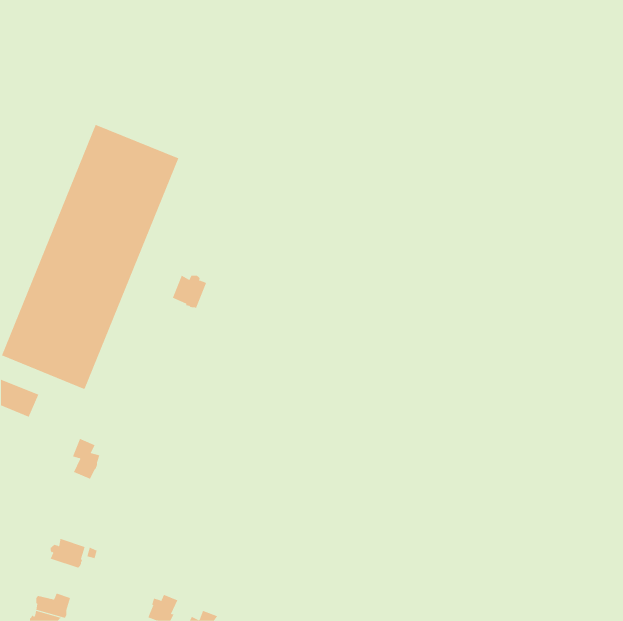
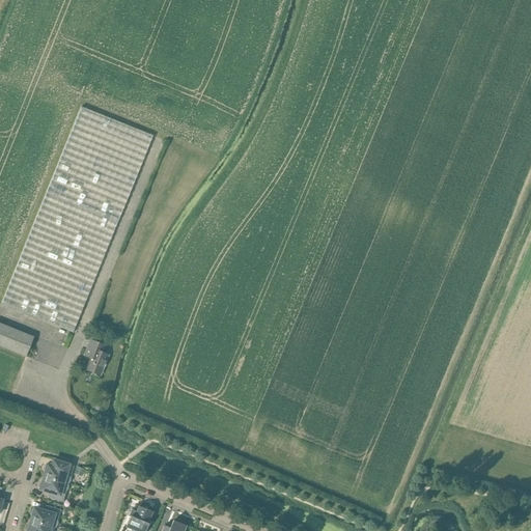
building: [172,275,207,309] -> none
building: [72,438,100,480] -> [83,339,107,374]
building: none -> [37,476,68,501]

